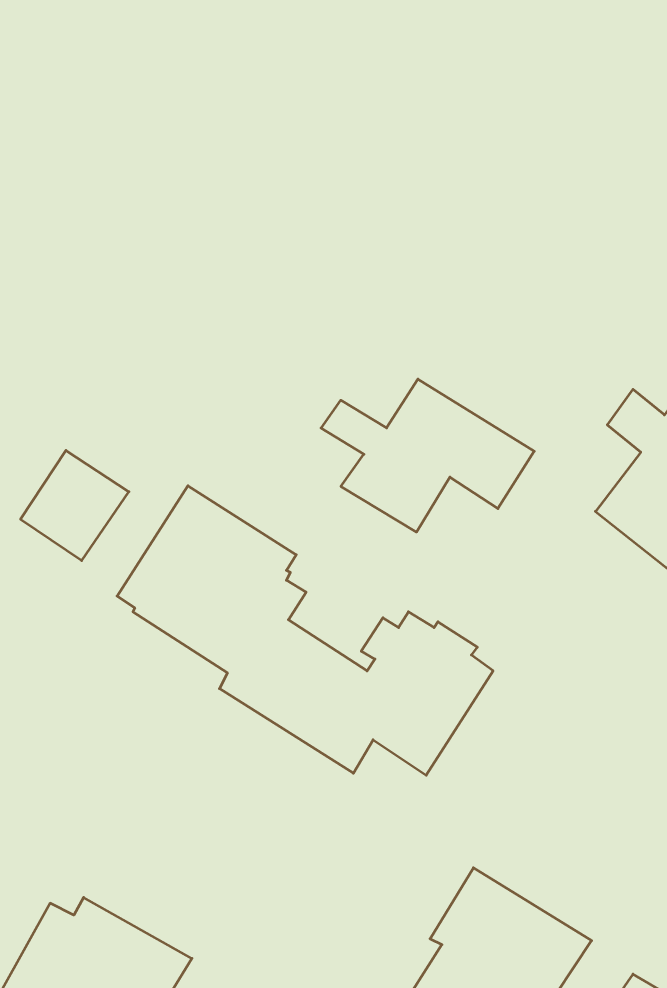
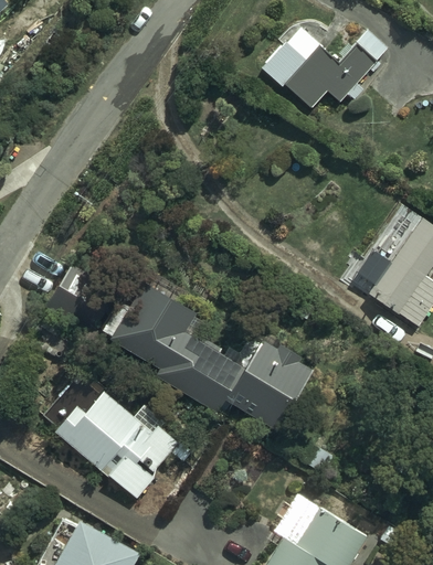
building: none -> [264,17,390,100]
building: [321,379,534,532] -> none
building: none -> [41,376,191,508]

